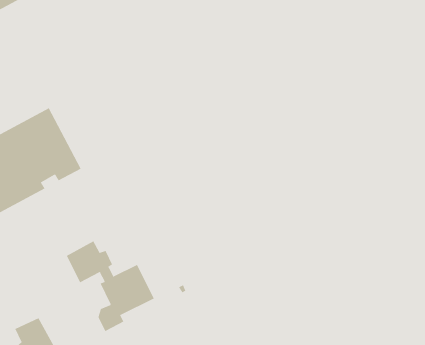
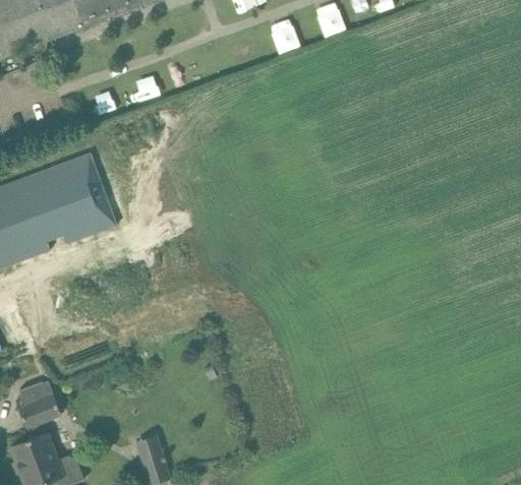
building: [66,240,155,332] -> none

